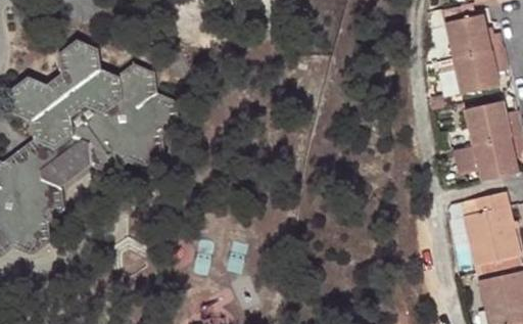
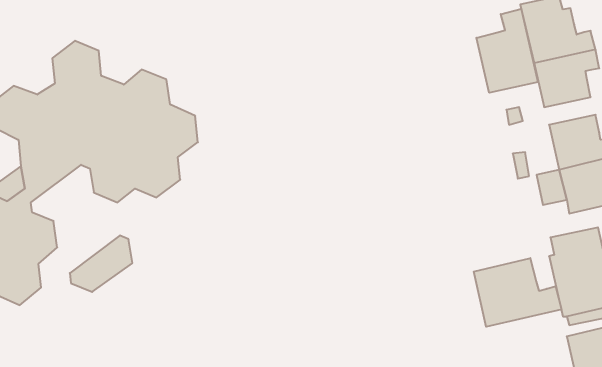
building: none -> [476,9,538,93]
building: [43,140,94,186] -> [70,235,132,292]
building: none -> [474,258,561,327]

